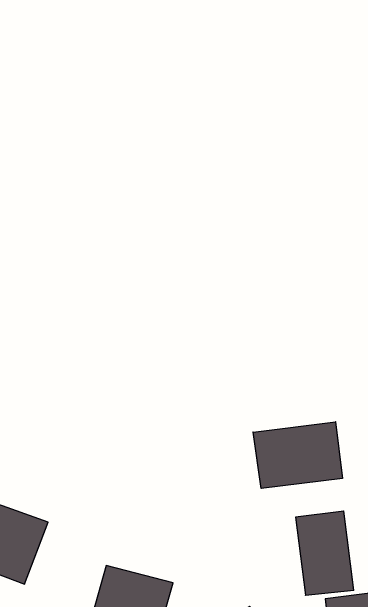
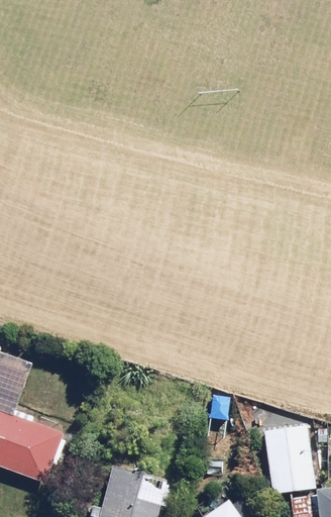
building: [253,422,342,488] -> none

